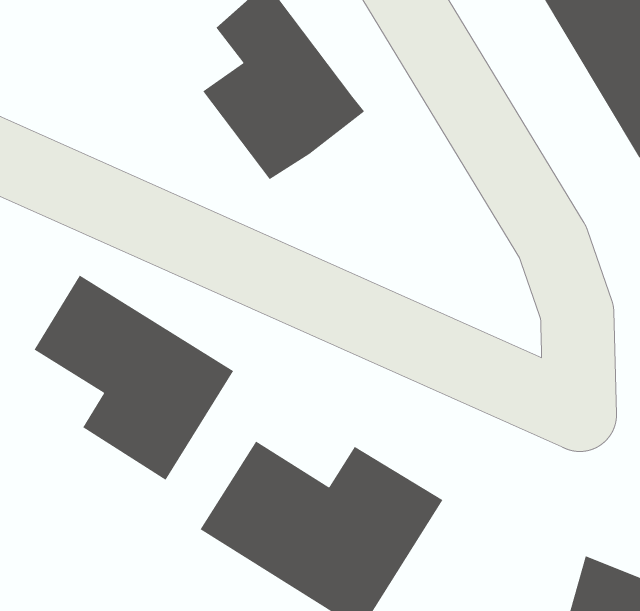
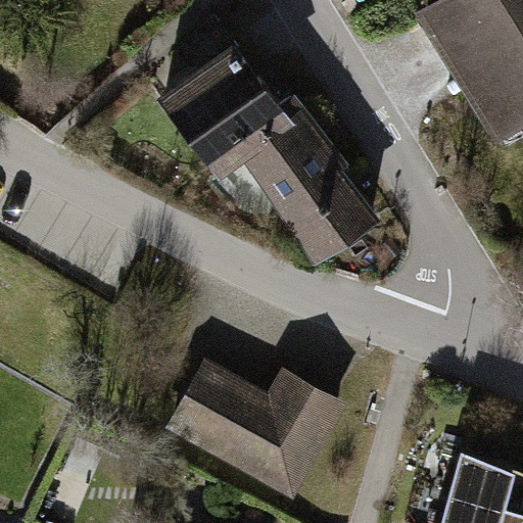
building: none -> [249,95,375,253]
building: [33,274,234,481] -> none

